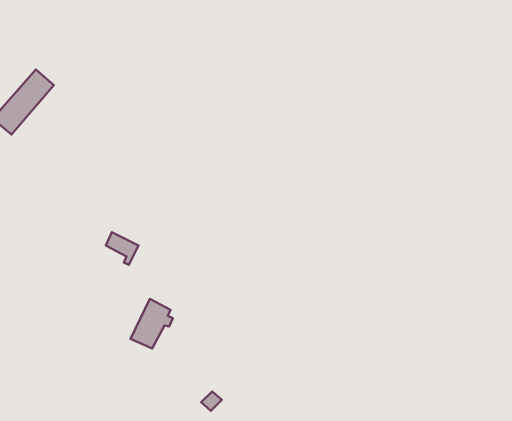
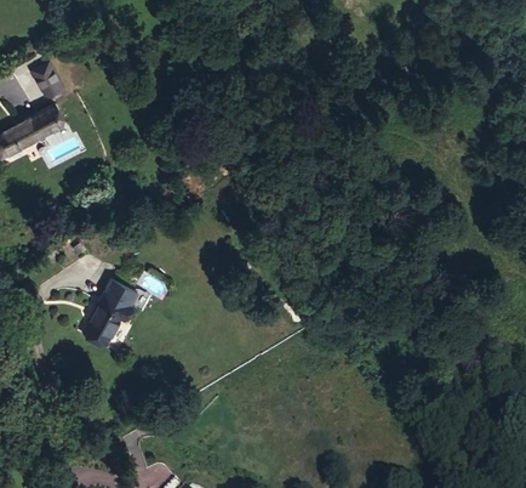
building: [131,299,173,348] -> [87,286,130,336]

